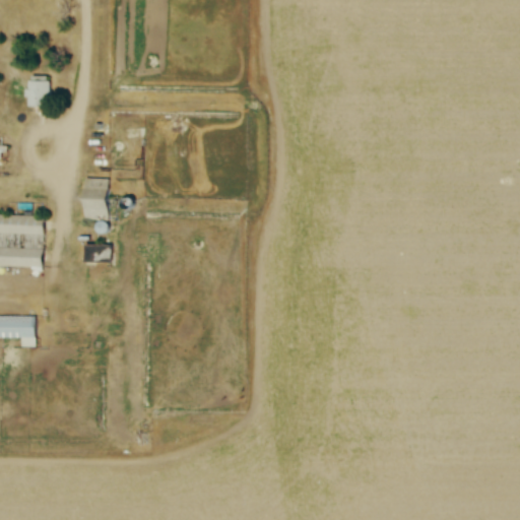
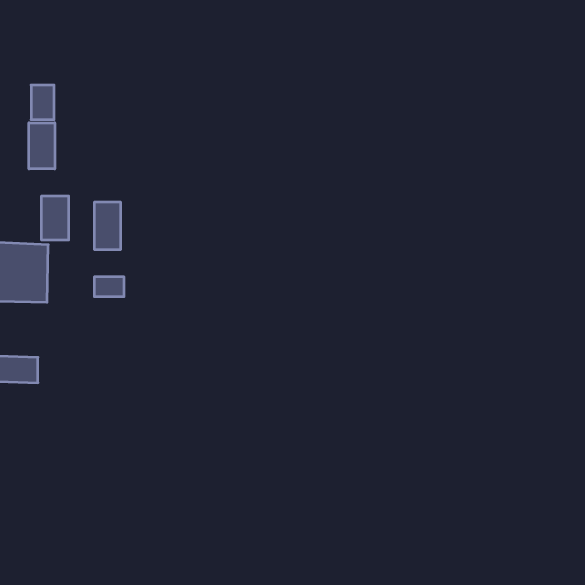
building: none -> [29,123,55,169]
building: none -> [42,196,69,240]

